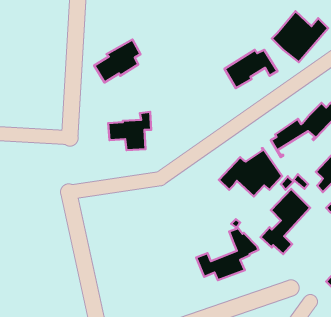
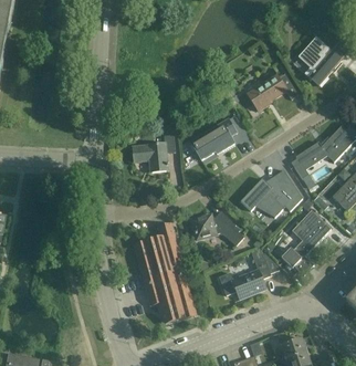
building: [94,40,140,82] -> [190,117,235,159]
building: none -> [191,210,243,244]
building: none -> [133,222,197,323]

